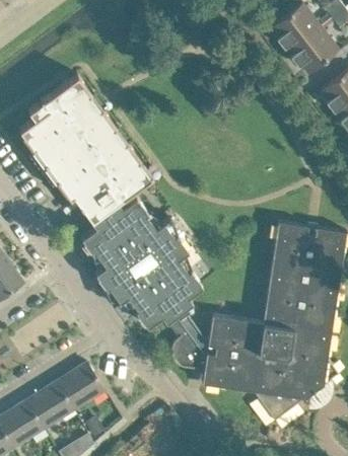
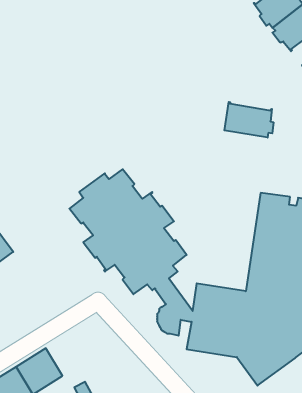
building: [17,75,151,221] -> none
building: none -> [224,102,273,138]
building: [56,363,103,410] -> none

